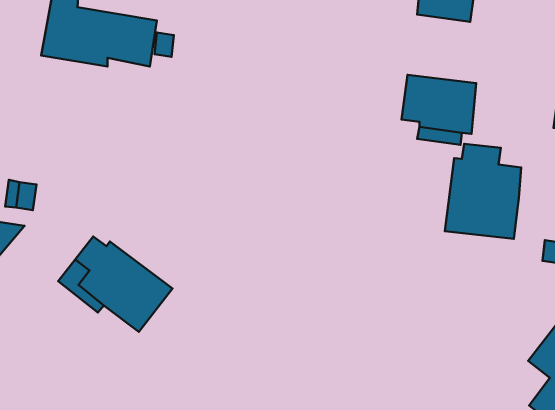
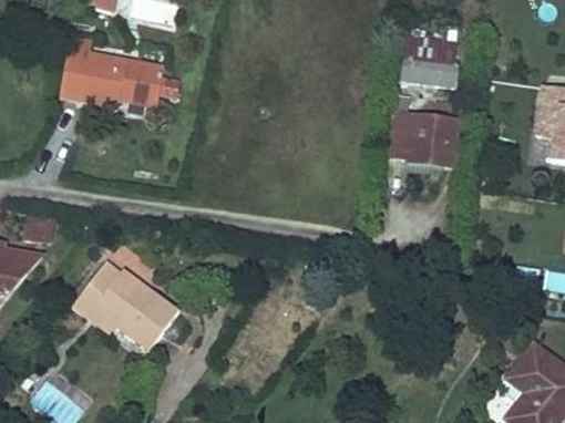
building: none -> [400,59,459,87]
building: [445,144,521,239] -> none

